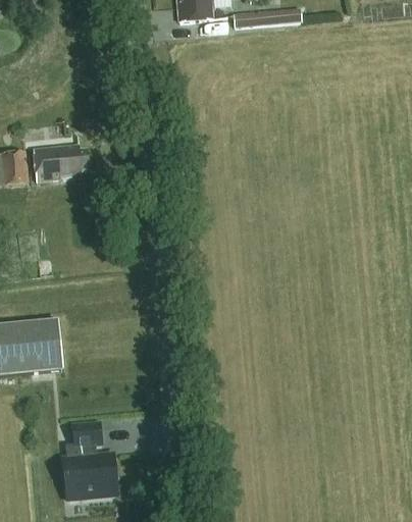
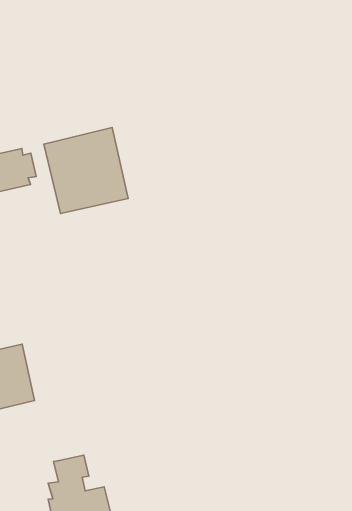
building: none -> [44,127,128,214]

